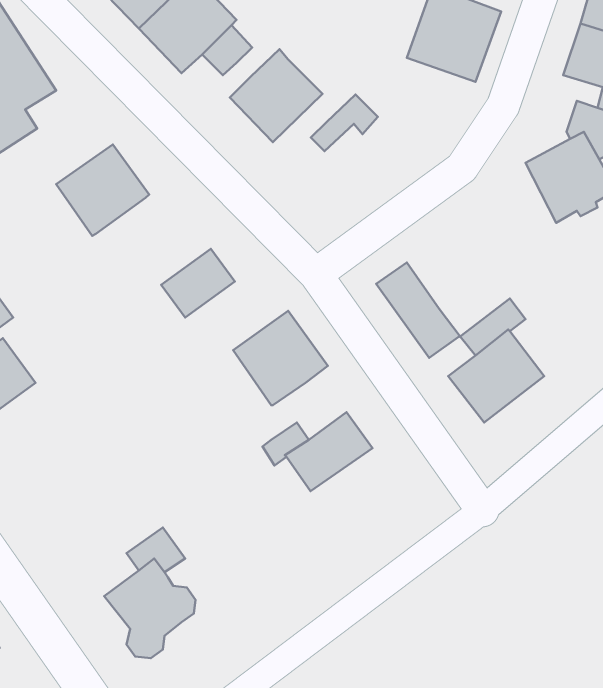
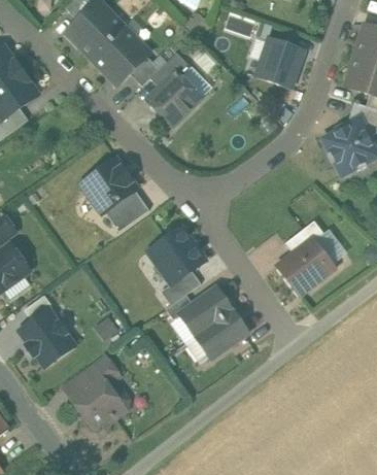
building: [311,95,378,151] -> [149,53,190,87]
building: [56,145,149,236] -> [80,158,136,212]
building: [376,263,460,358] -> none
building: none -> [160,270,200,304]
building: none -> [15,297,78,369]
building: none -> [194,309,246,357]

